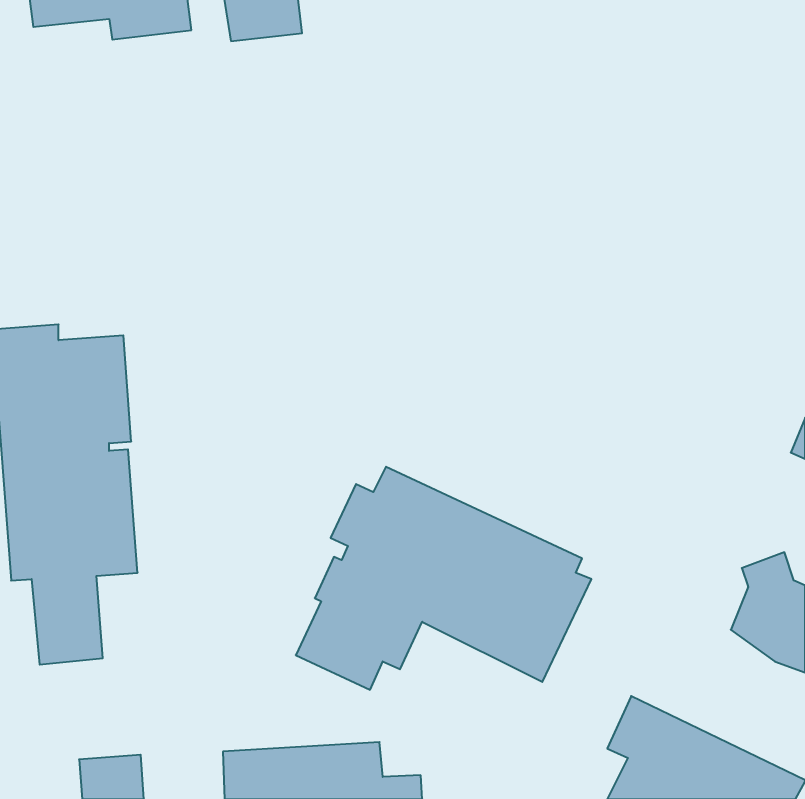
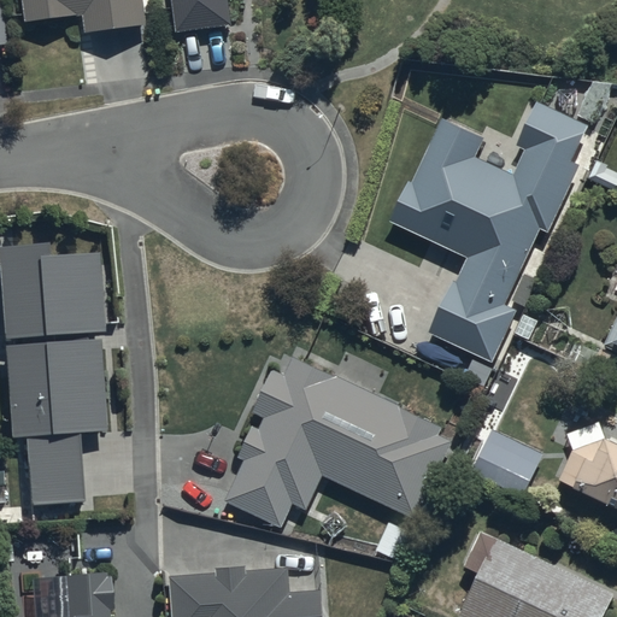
building: none -> [390,102,589,363]
building: none -> [470,427,542,494]

